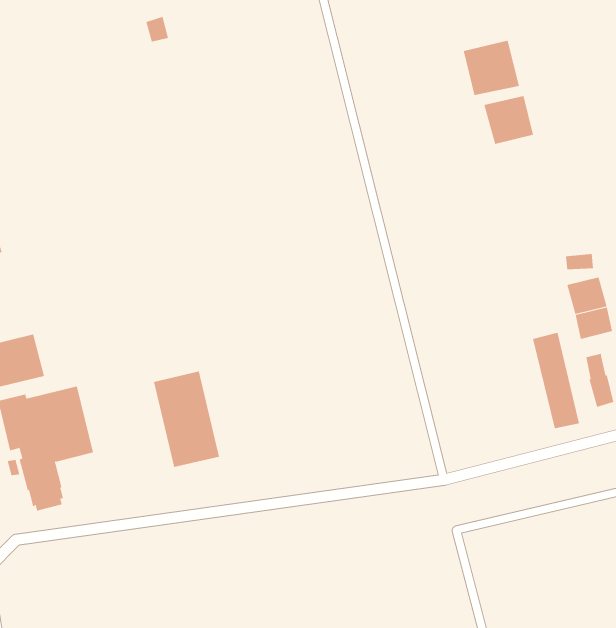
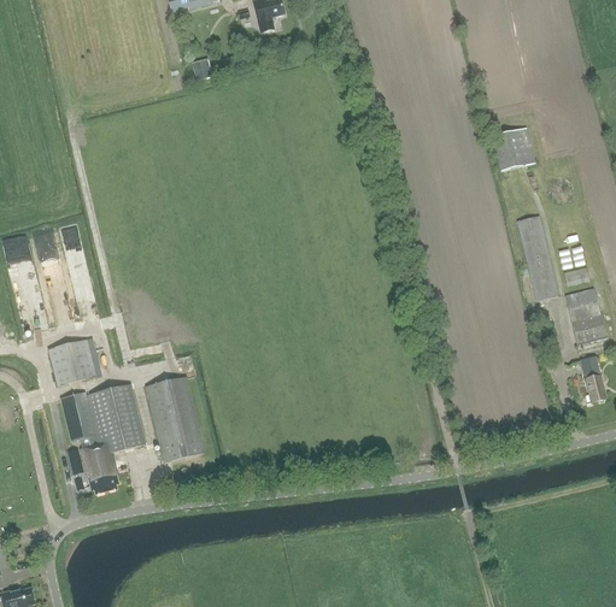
building: [463,40,519,96] -> none
building: [532,332,580,429] -> [516,214,558,300]
building: [153,371,220,468] -> [146,376,205,461]

